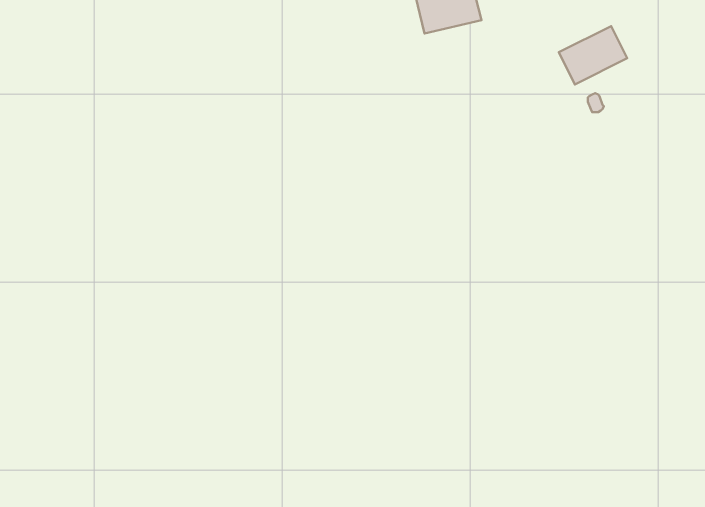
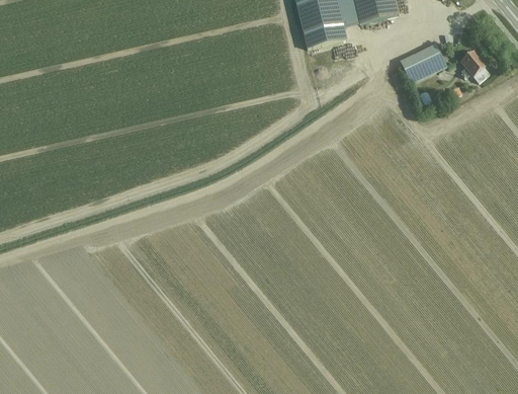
building: none -> [459,50,489,81]

